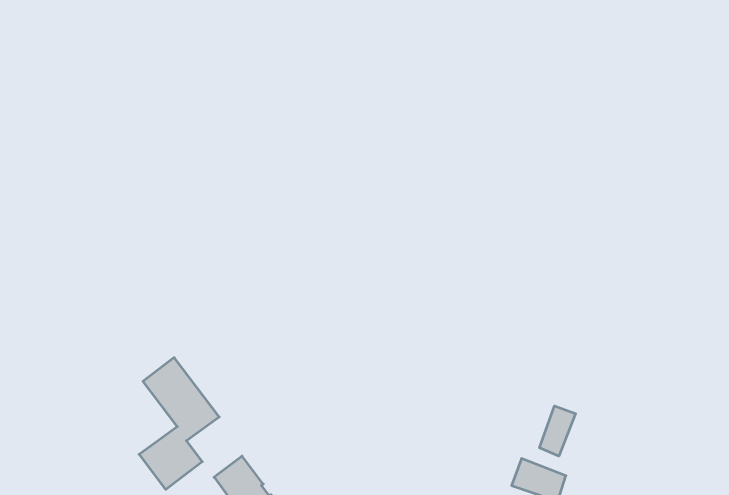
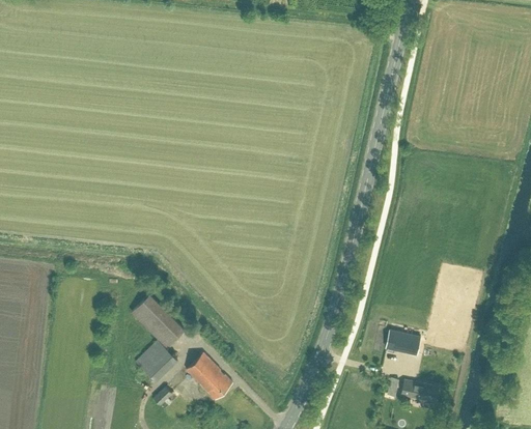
building: [540,406,576,456] -> none

